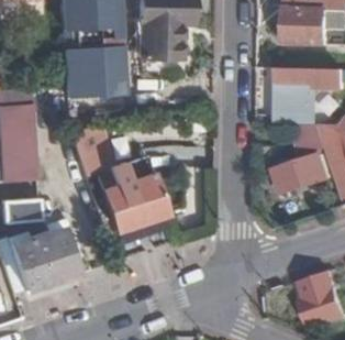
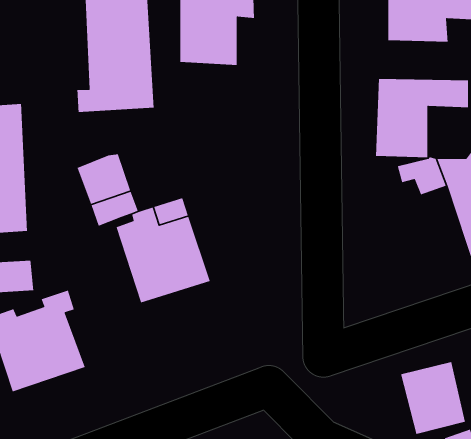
building: [272,155,325,193] -> none

